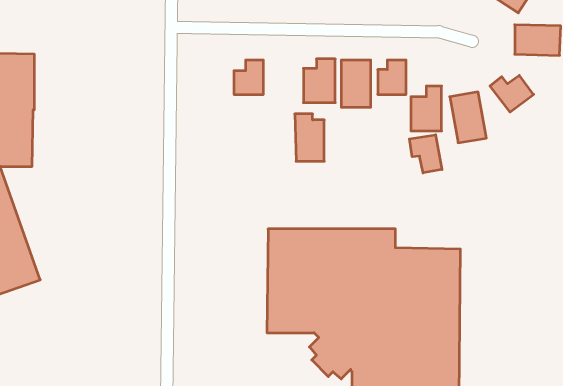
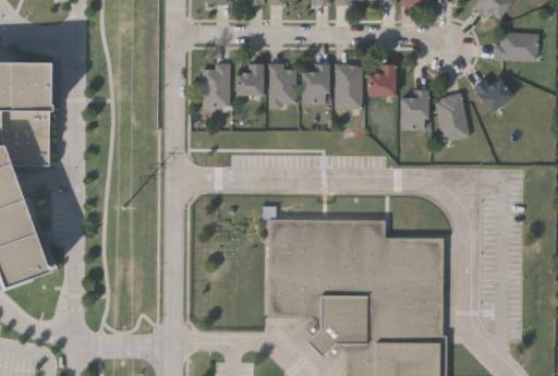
building: none -> [203,63,230,108]
building: [295,114,324,161] -> [268,63,295,107]
building: [409,135,442,173] -> none

